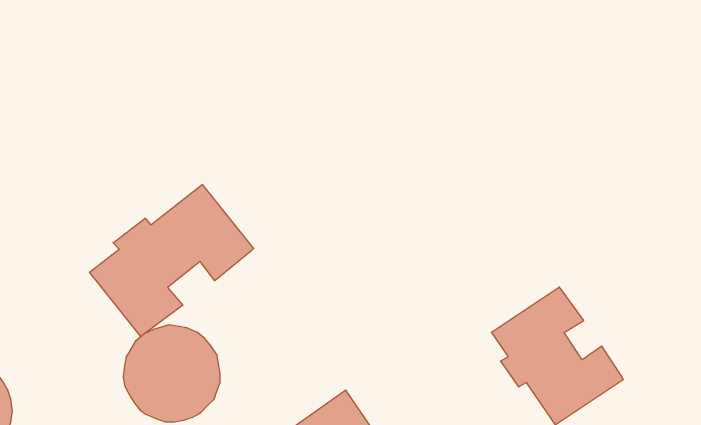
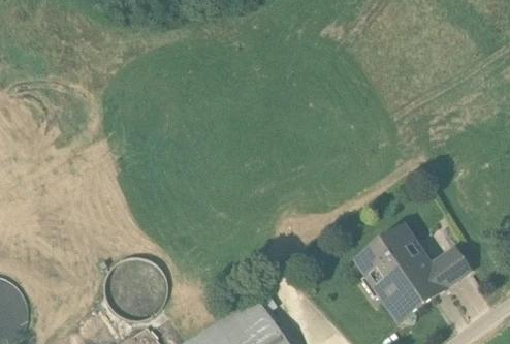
building: [90,184,254,336] -> none
building: none -> [429,250,468,287]

